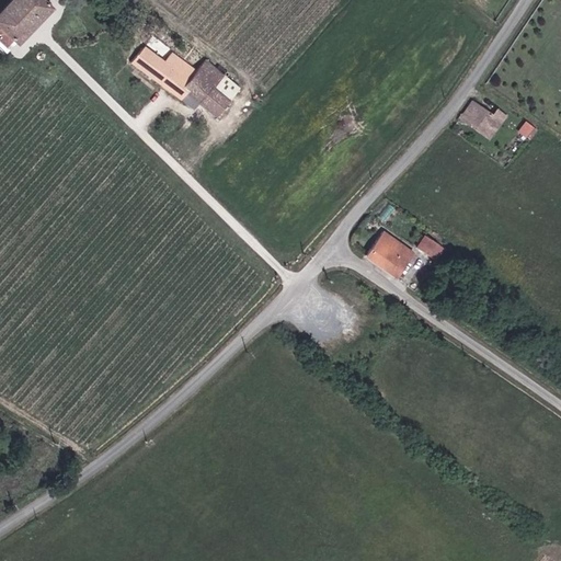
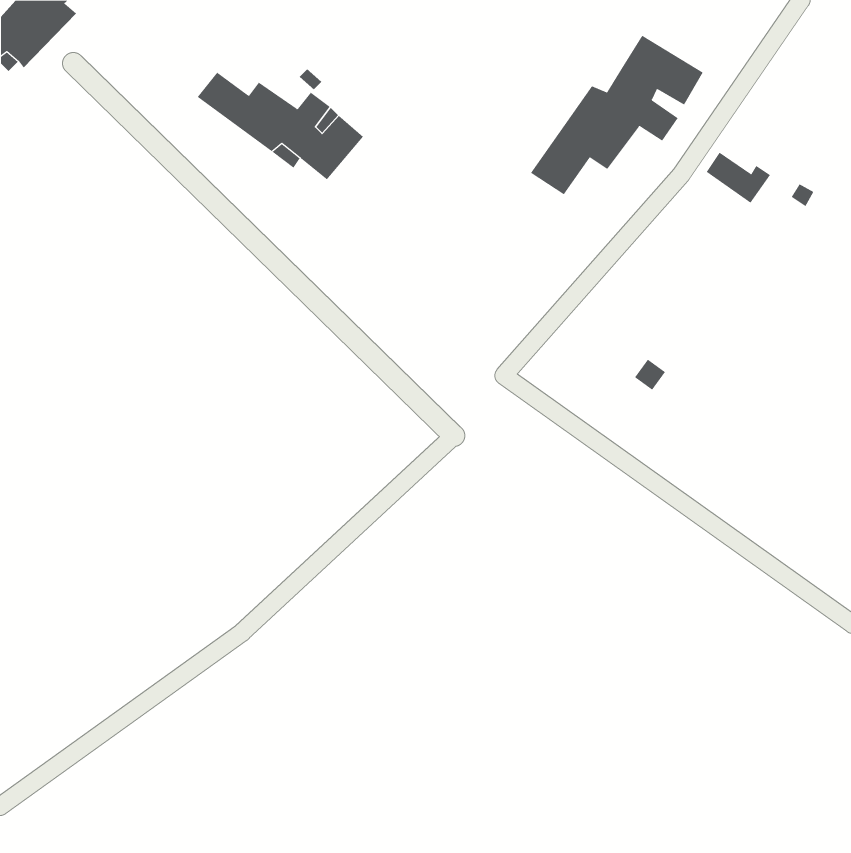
building: none -> [530,35,703,195]
building: [366,231,414,277] -> none

